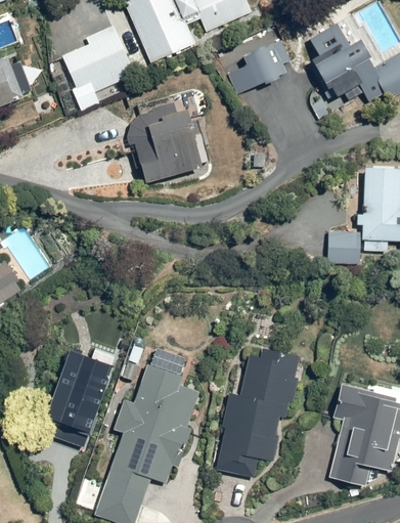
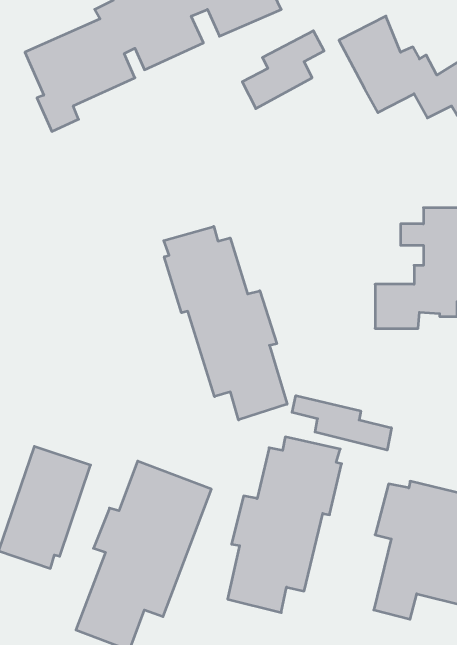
building: [126,99,208,182] -> none
building: none -> [164,226,287,420]
building: none -> [292,396,391,450]

